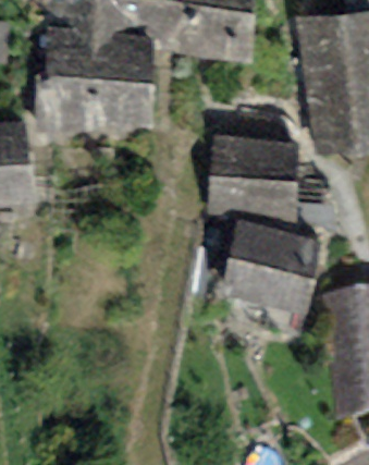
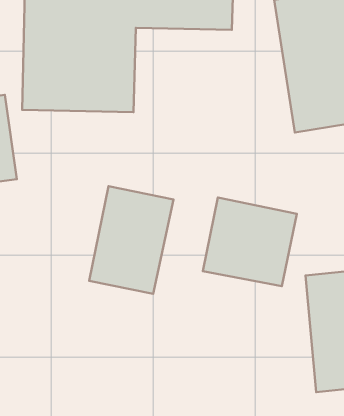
building: [209,136,294,216] -> none
building: none -> [89,186,174,294]

